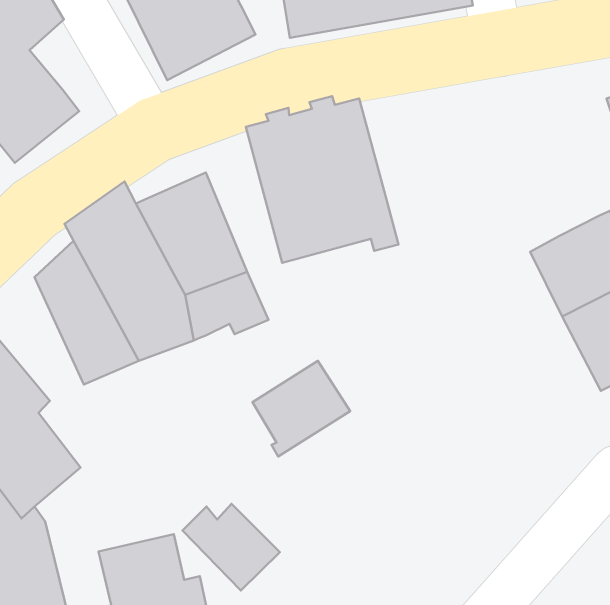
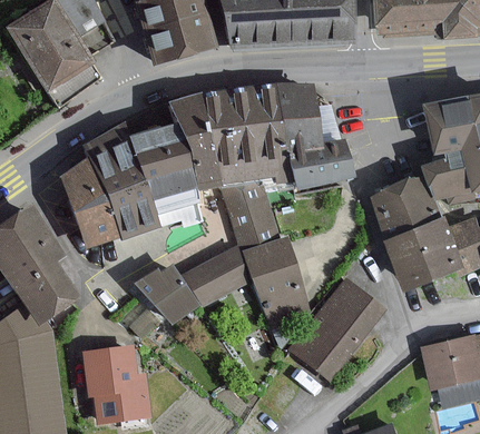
building: none -> [274,82,349,188]
building: none -> [167,93,216,189]
building: none -> [222,187,308,328]
building: none -> [291,279,383,378]
building: [182,504,280,590] -> [138,269,197,324]

